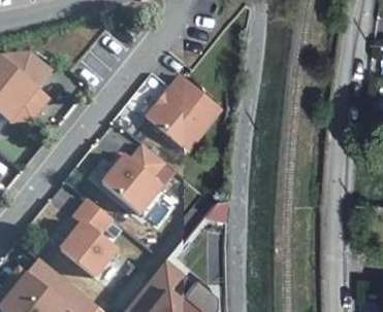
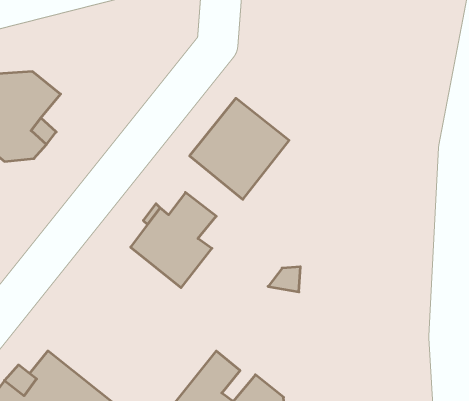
building: [62,200,119,277] -> none

